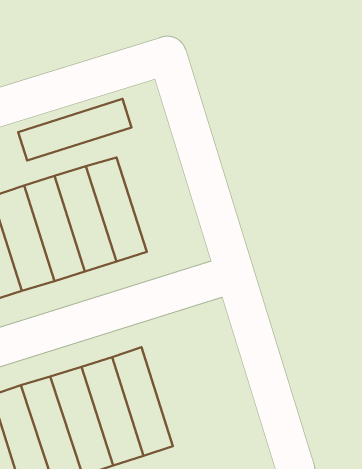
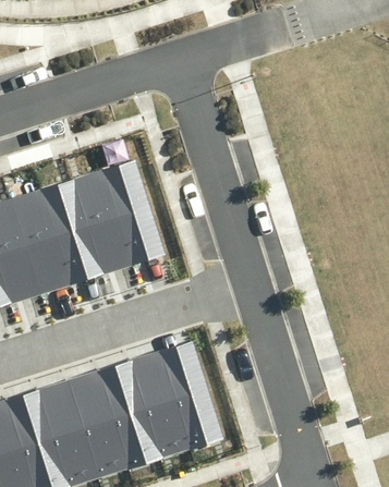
building: [18,99,131,160] -> none
building: none -> [143,345,208,454]

